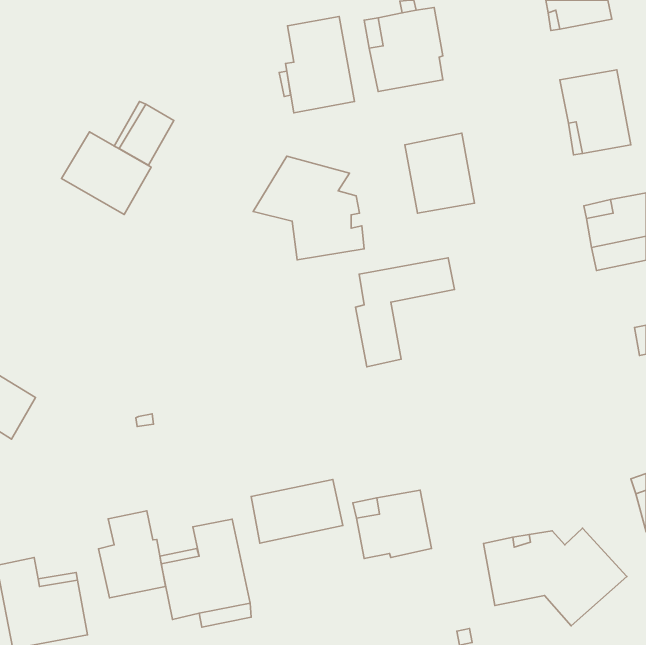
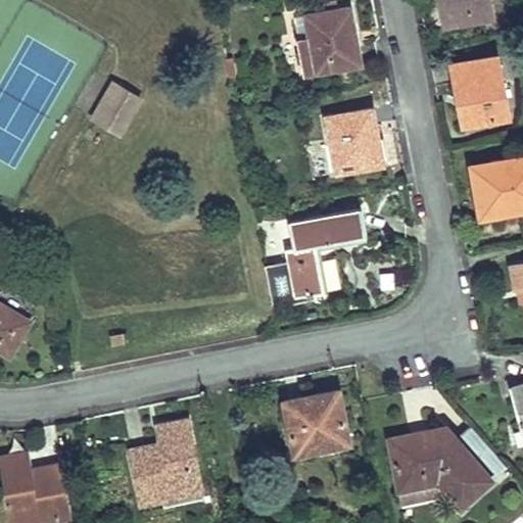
building: [286,16,354,113] -> none
building: [62,132,151,214] -> none
building: [253,156,364,260] -> none
building: [251,479,343,543] -> none
building: [99,511,165,598] -> none

